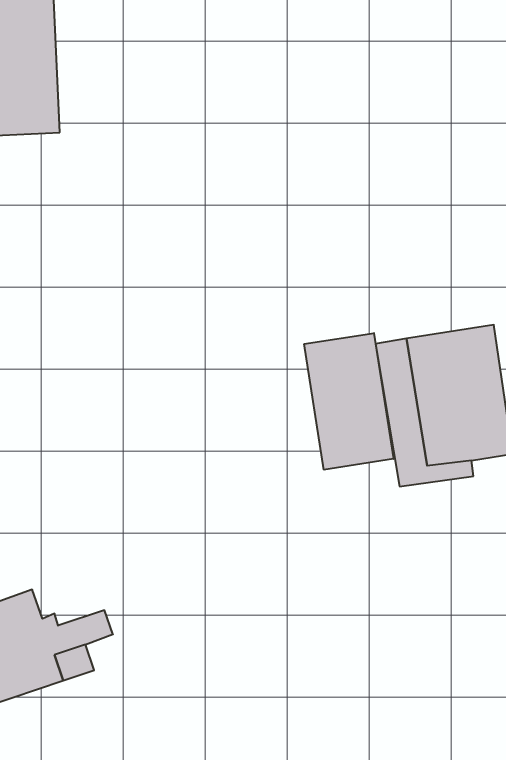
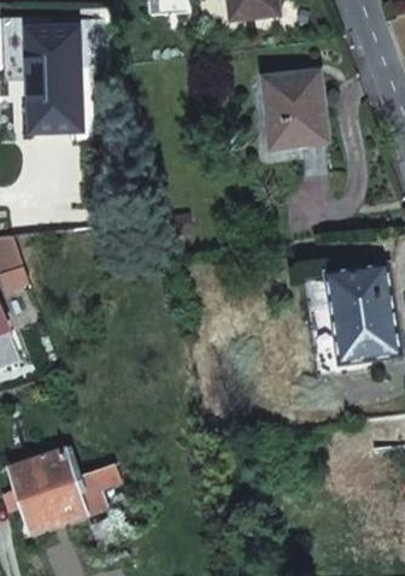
building: none -> [264,72,327,147]
building: [304,333,394,470] -> none

